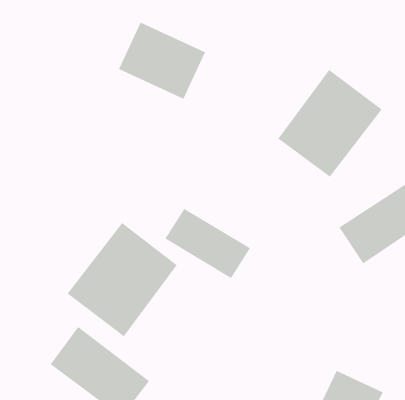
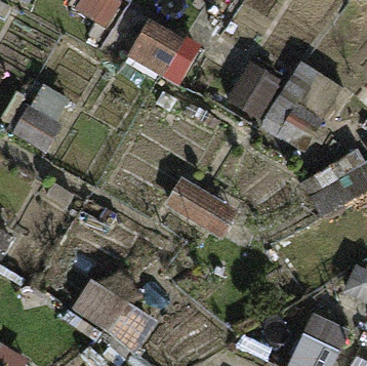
building: [67,222,178,337] -> none

